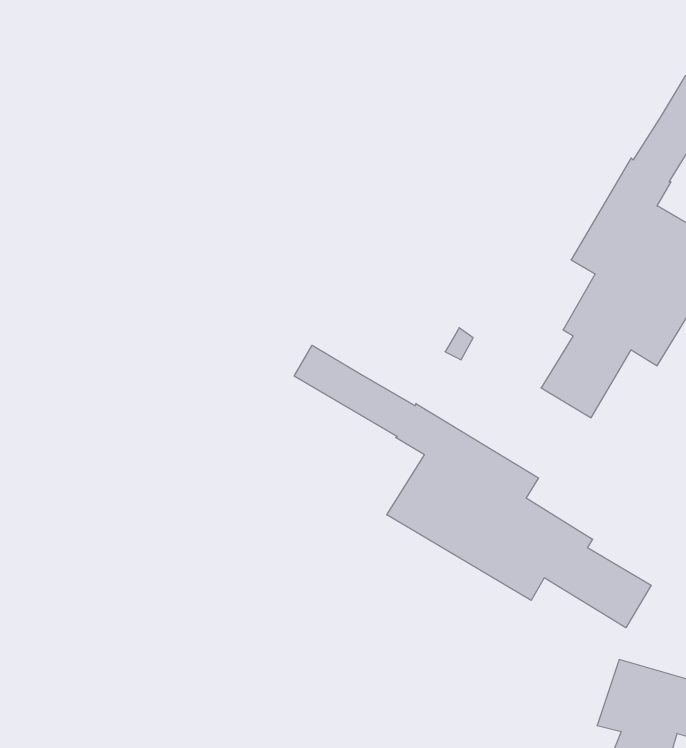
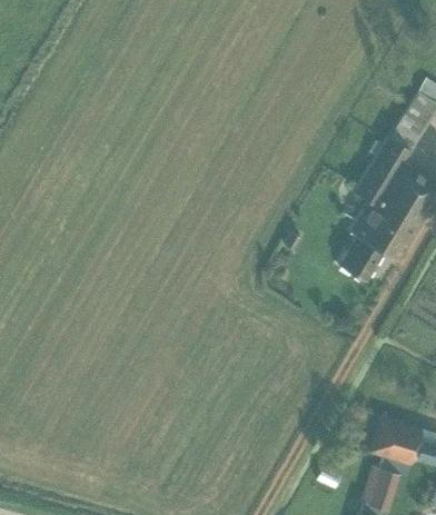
building: [294,345,651,628] -> none

